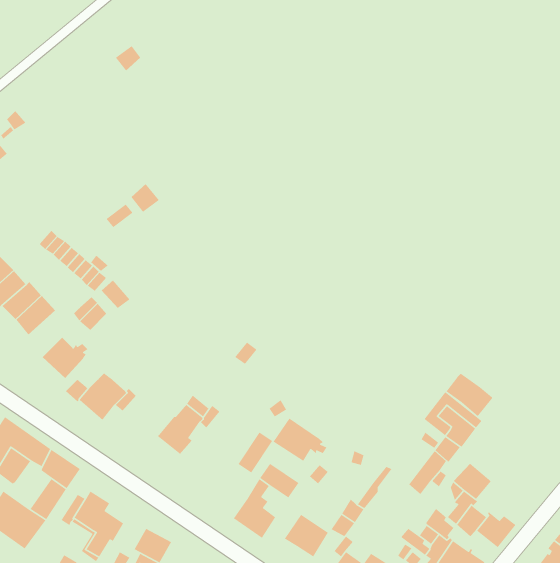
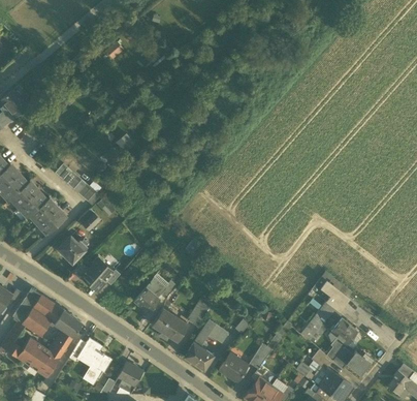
building: [446,373,493,417] -> none
building: [273,417,327,462] -> none
building: none -> [152,309,188,342]

